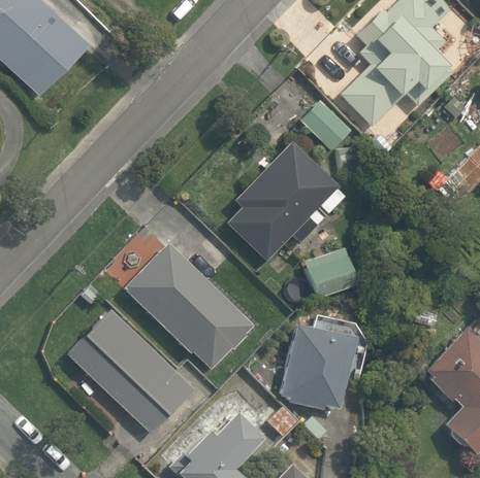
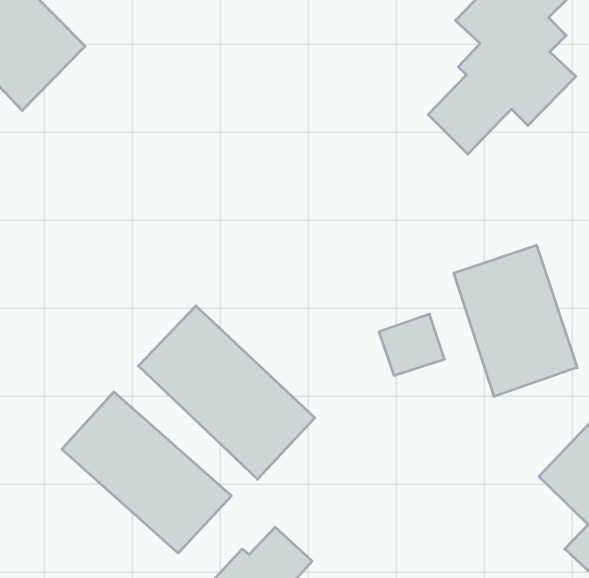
building: [296,95,354,151] -> none
building: [227,140,347,262] -> none
building: none -> [454,245,577,397]
building: [281,319,351,410] -> none

